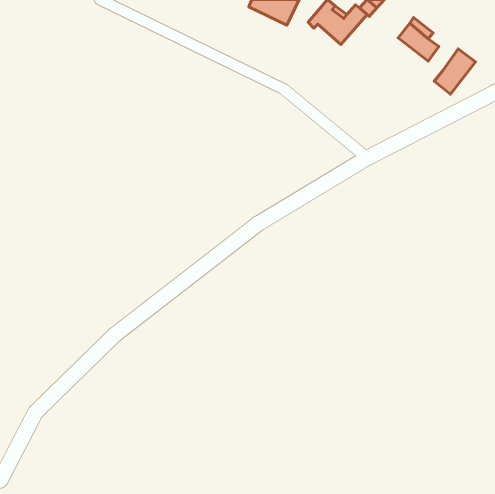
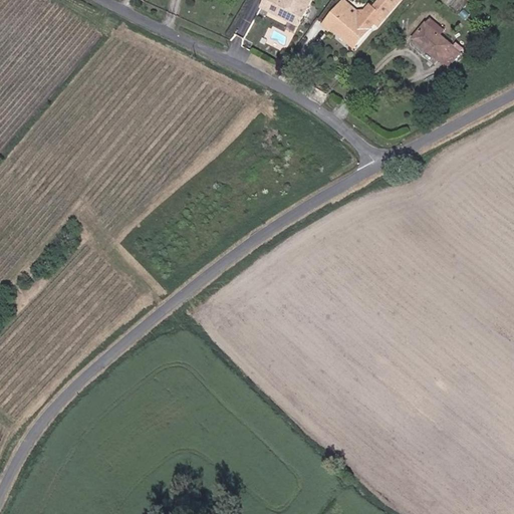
building: [434,49,476,94] -> none

